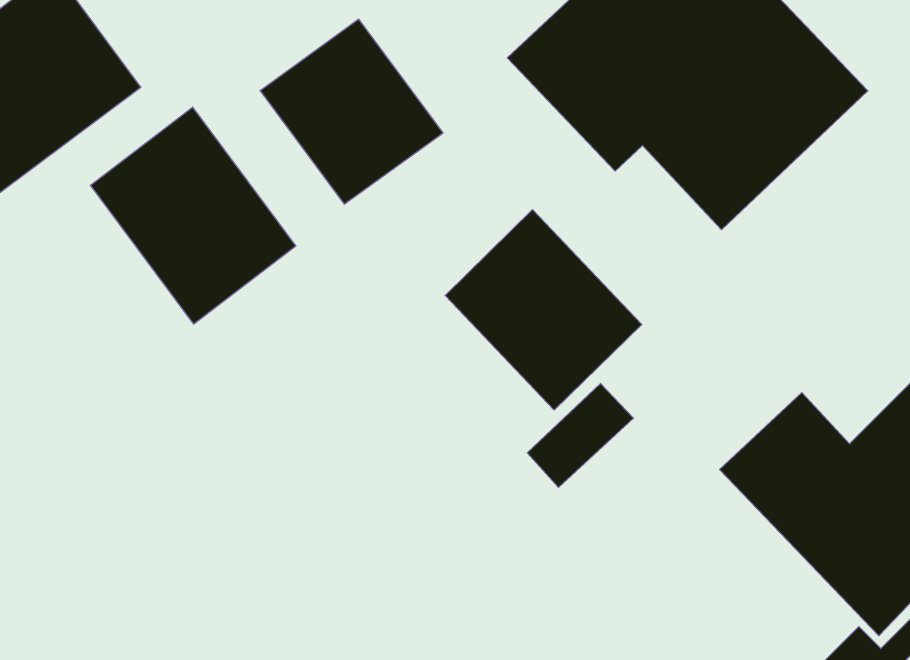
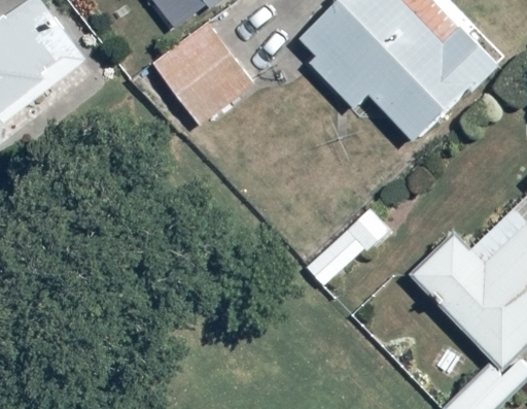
building: [91,107,296,324] -> none
building: [445,210,642,410] -> none

